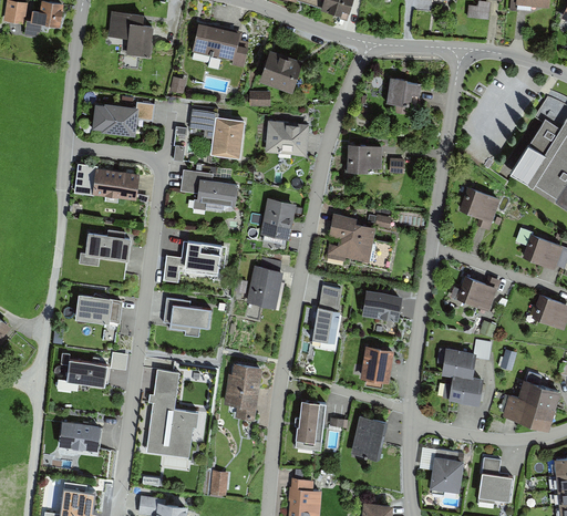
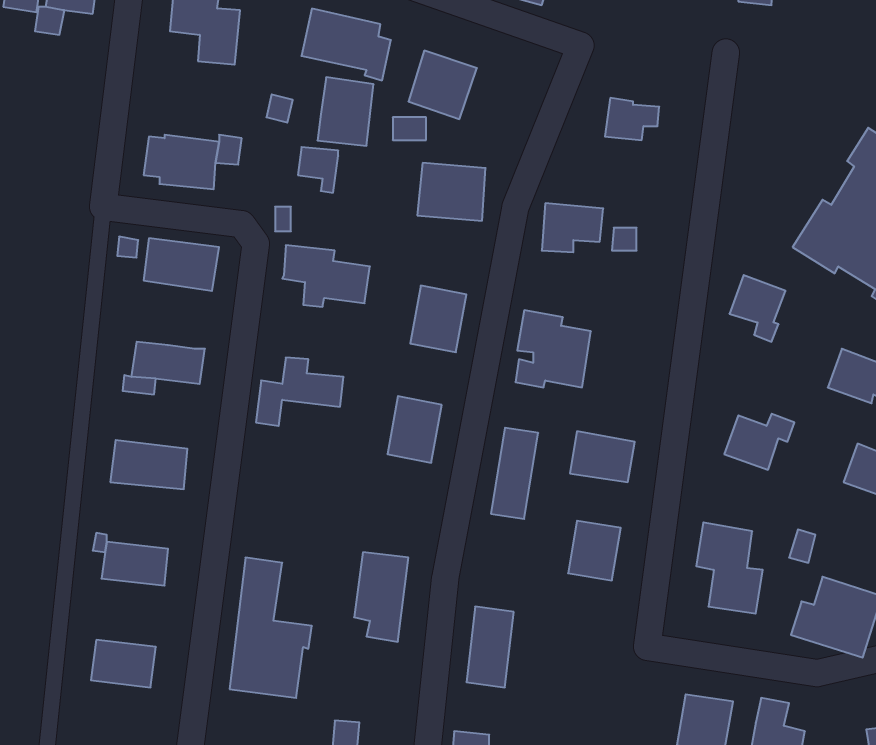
building: [210,115,246,158] -> [317,77,374,146]
building: [168,306,213,331] -> none
building: [352,415,389,460] -> none

